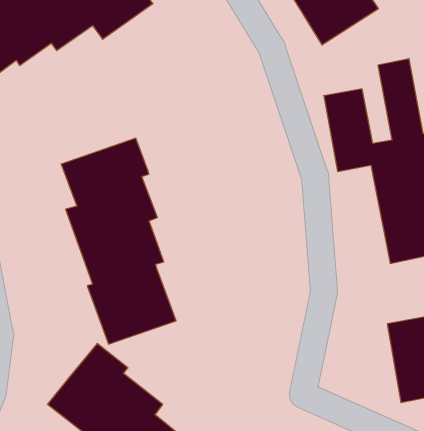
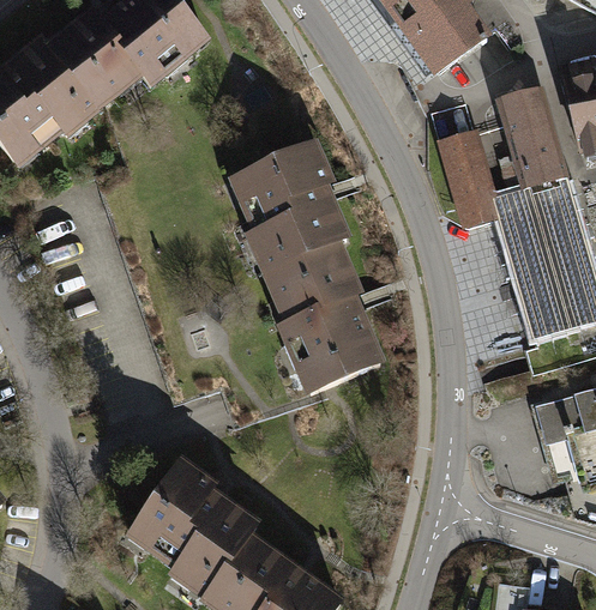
building: [61,138,176,344] -> [234,144,387,394]

